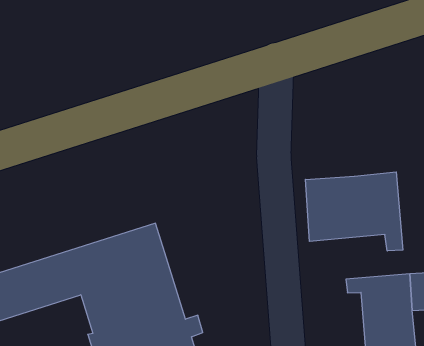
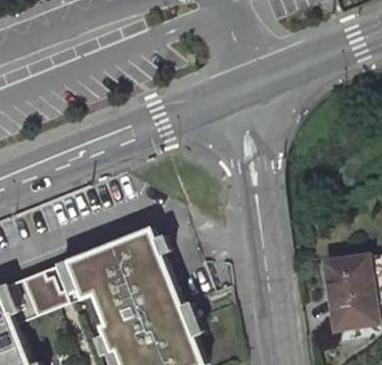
building: [305,172,403,251] -> none

